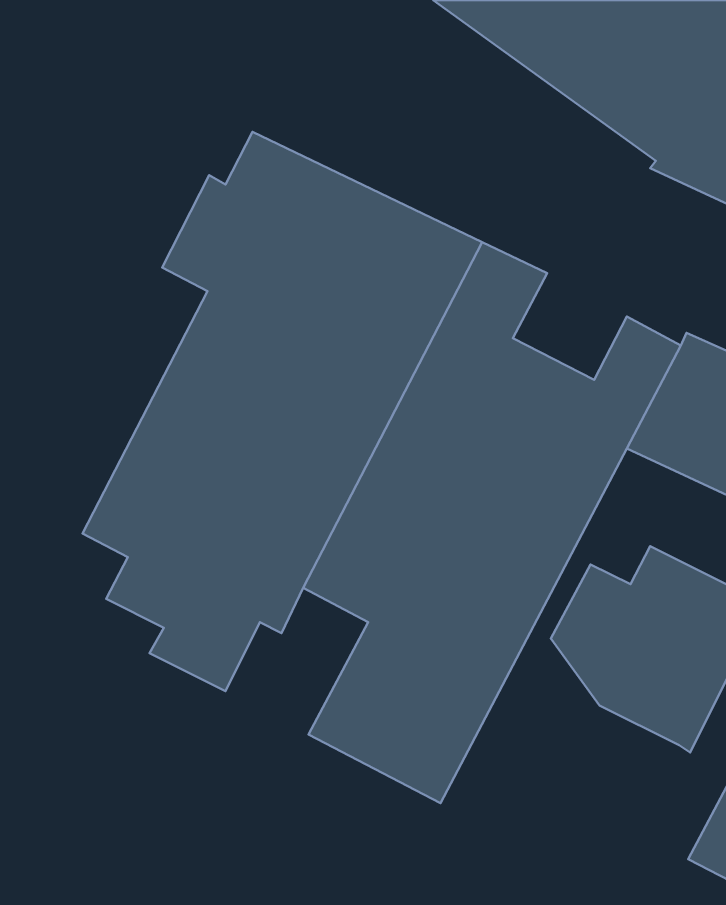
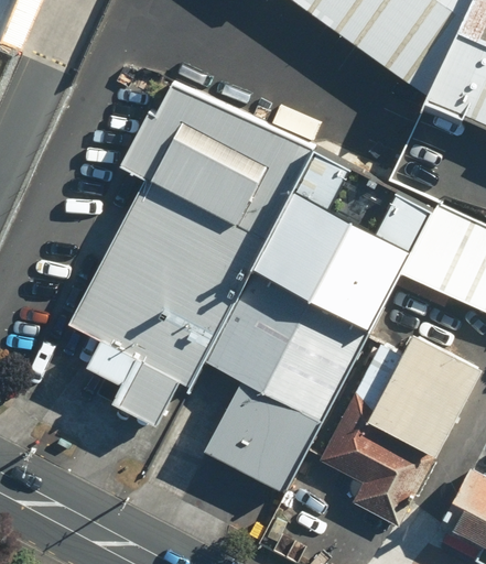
building: none -> [320,390,433,527]

